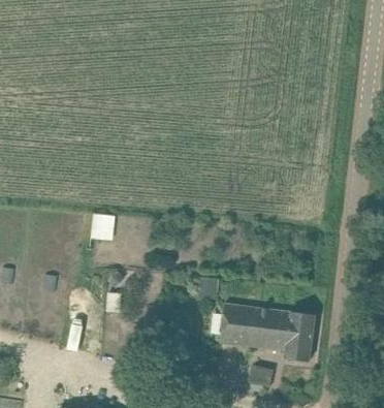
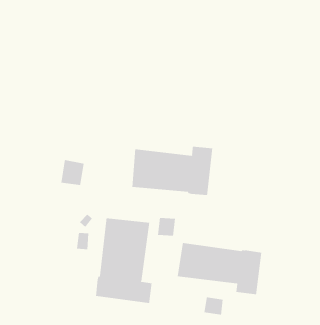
building: none -> [132,146,213,196]
building: none -> [95,217,152,304]

